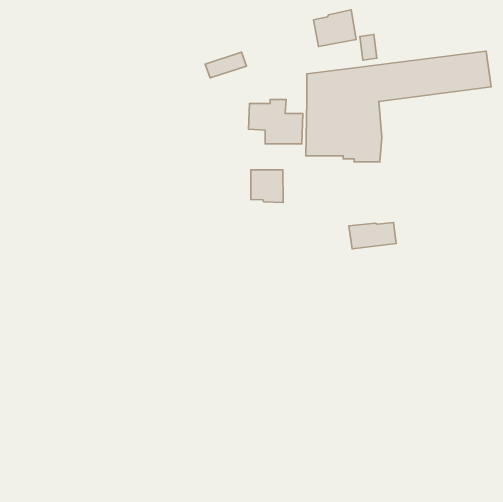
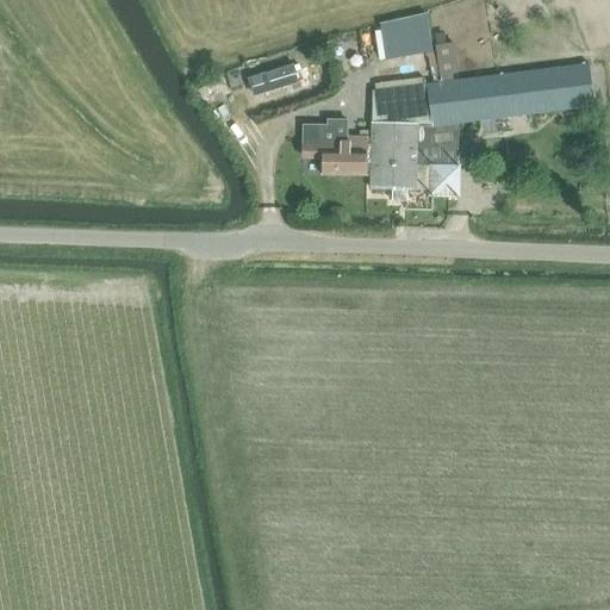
building: [251,170,283,203] -> none
building: [349,222,396,249] -> none

